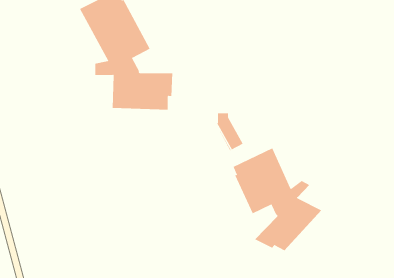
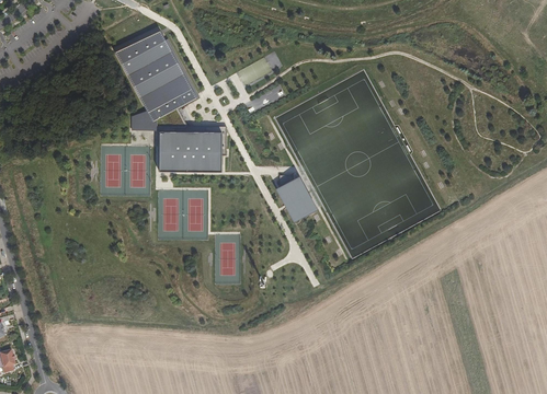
building: [233,147,322,251] -> none

